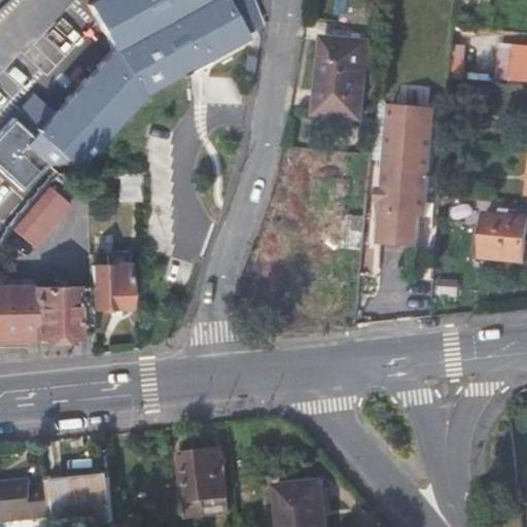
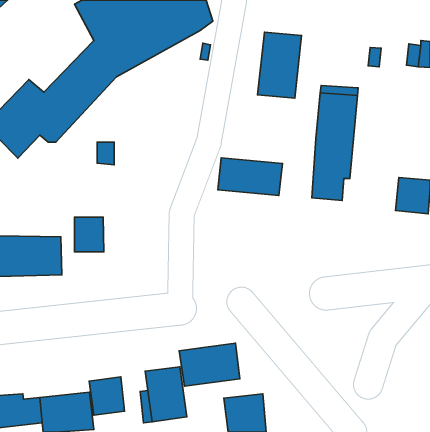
building: [10,185,68,247] -> none
building: none -> [218,158,282,196]
building: none -> [179,343,240,386]
building: none -> [89,377,125,415]

